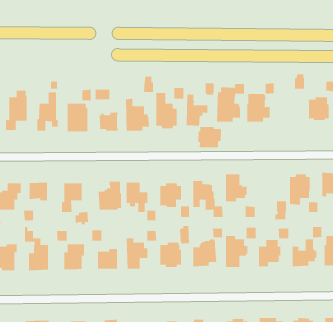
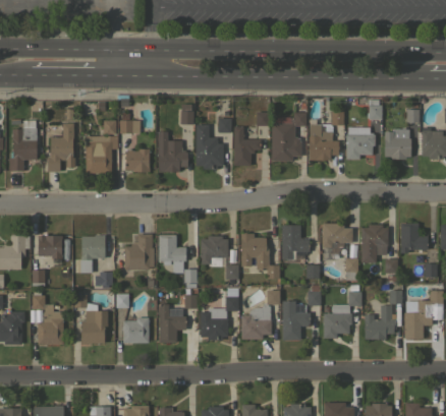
building: none -> [346,127,375,160]
building: [198,126,221,148] -> none
building: none -> [323,224,352,254]

